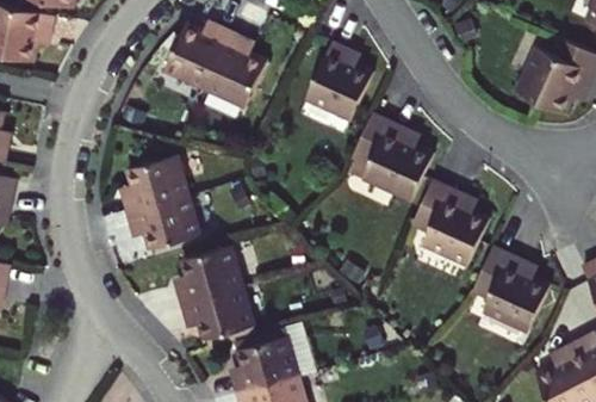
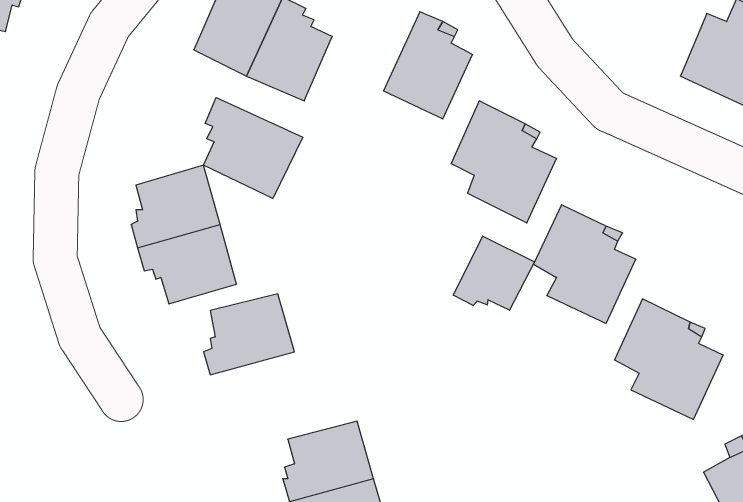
building: none -> [204,98,303,198]
building: none -> [453,236,535,310]
building: [179,290,252,346] -> none
building: [232,328,313,382] -> none

